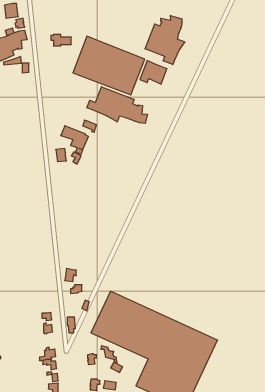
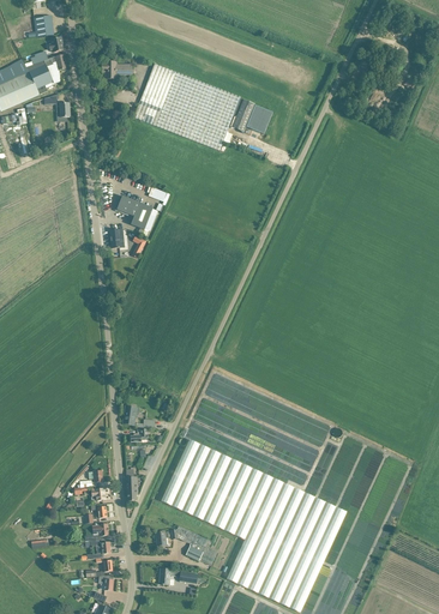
building: [145,15,185,65] -> none
building: [87,87,147,123] -> none

